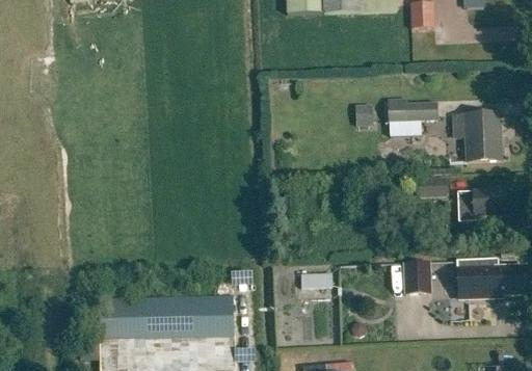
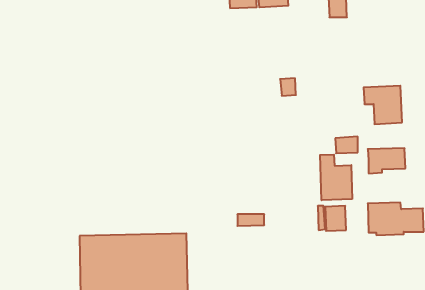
building: [387,102,437,122] -> none
building: none -> [320,155,352,200]

